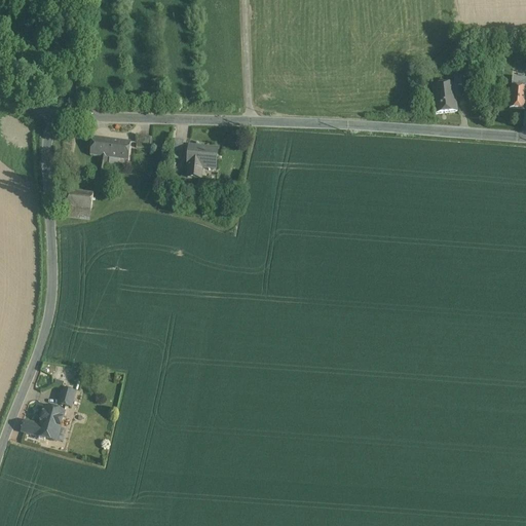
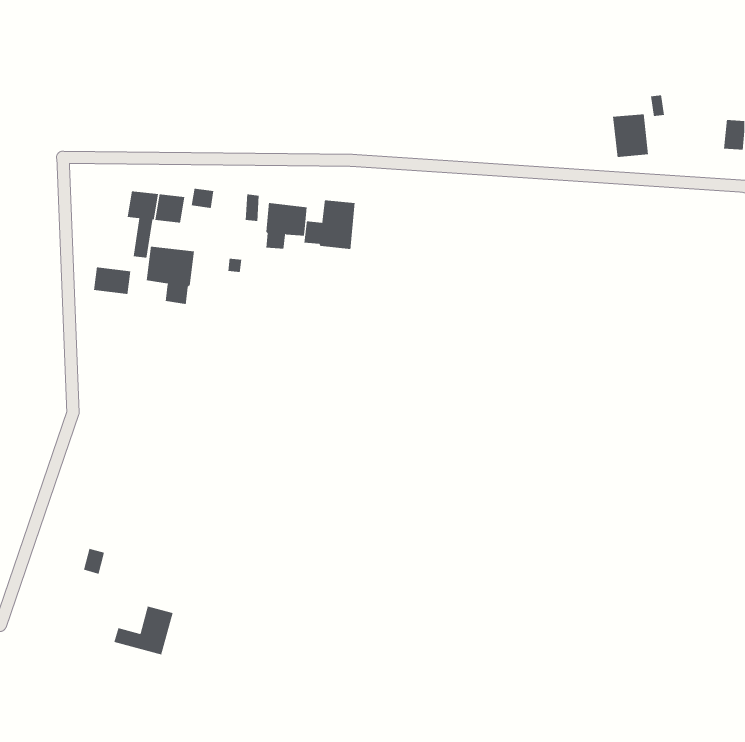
building: none -> [304,200,355,250]
building: none -> [146,246,195,305]
building: [22,404,64,439] -> [114,606,173,655]

